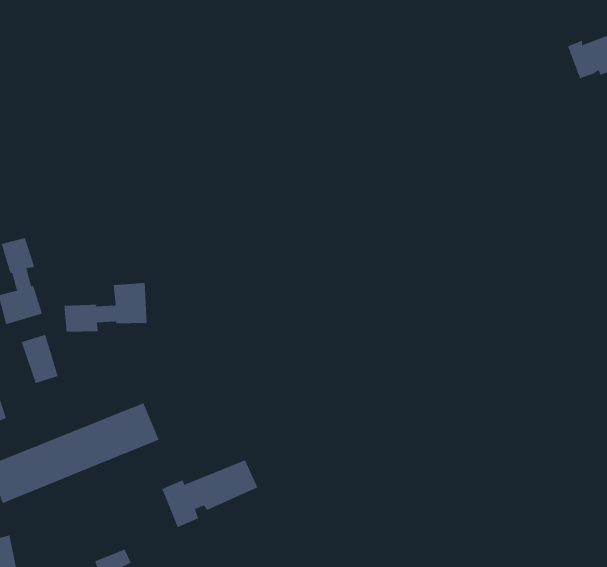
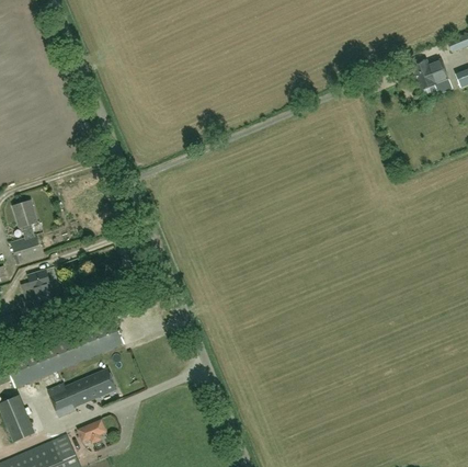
building: [64,282,147,332] -> none
building: [162,459,258,528] -> [48,368,116,417]

